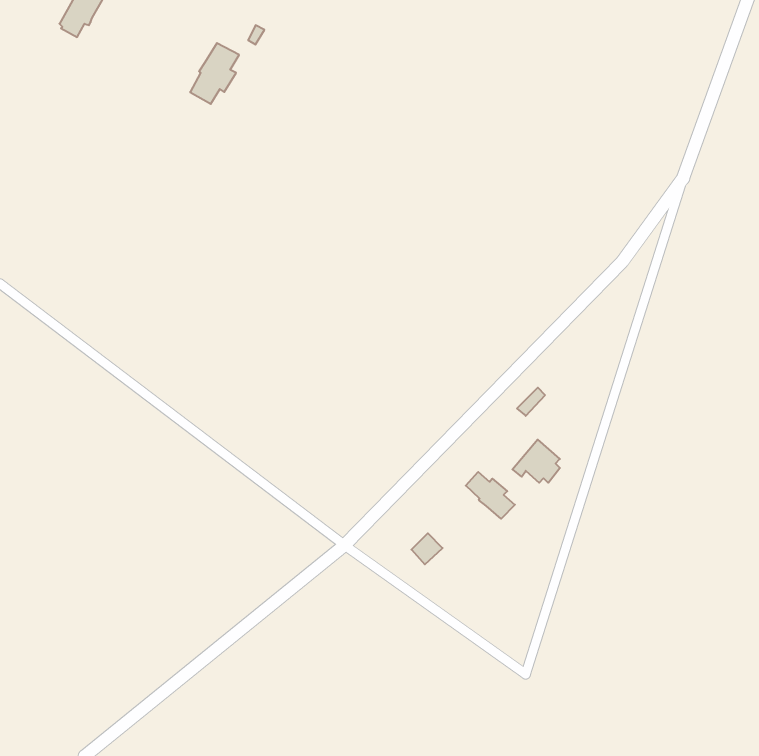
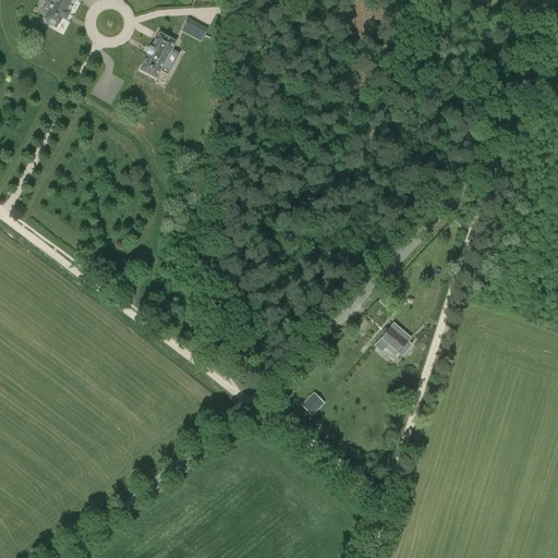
building: [466,472,515,519] -> none

